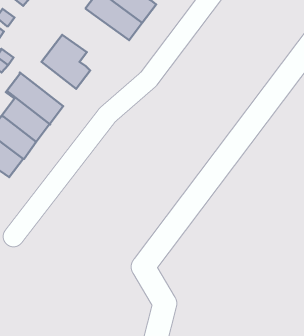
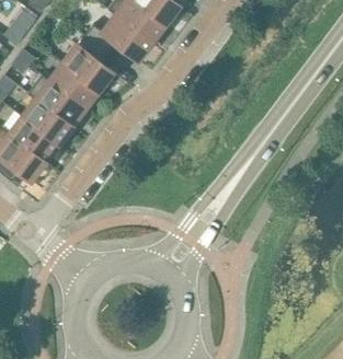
building: none -> [84,15,152,60]
building: none -> [50,63,99,108]

